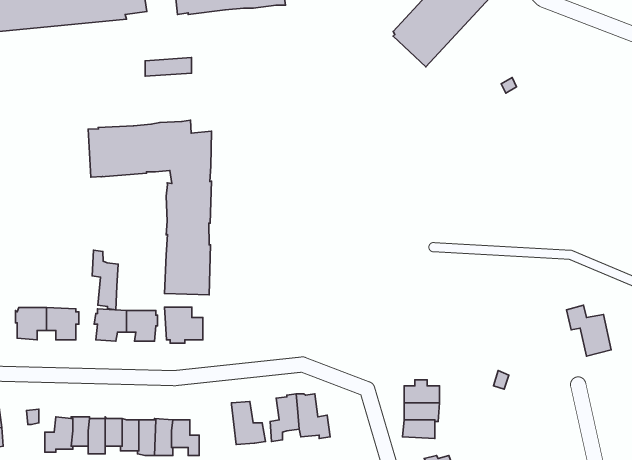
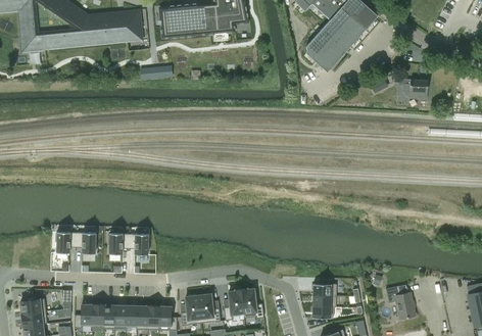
building: none -> [396,78,428,98]
building: [88,120,211,295] -> none
building: [92,250,118,310] -> none
building: [566,305,611,356] -> [385,286,415,320]
building: [165,307,203,343] -> none
building: none -> [181,294,201,326]

